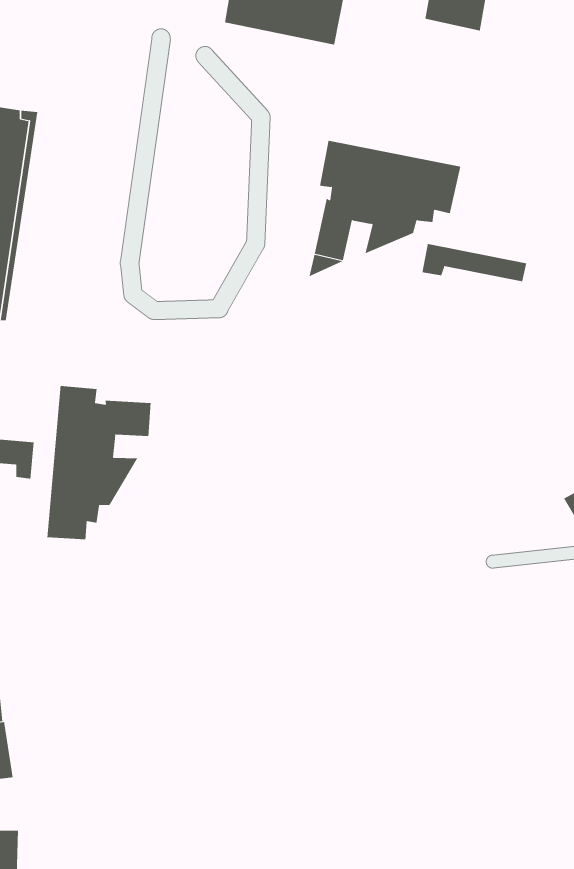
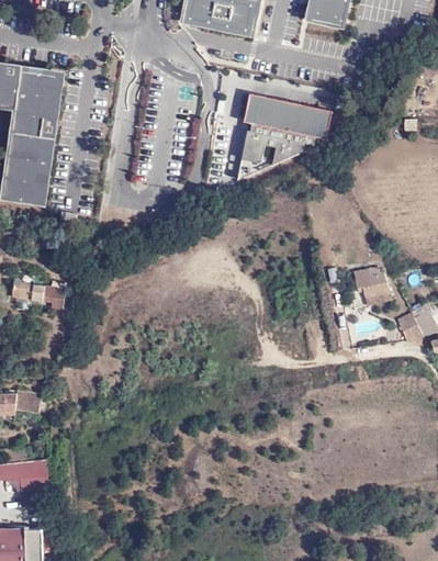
building: [422,243,527,282] -> none
building: [47,385,151,540] -> none
building: none -> [351,272,389,305]

